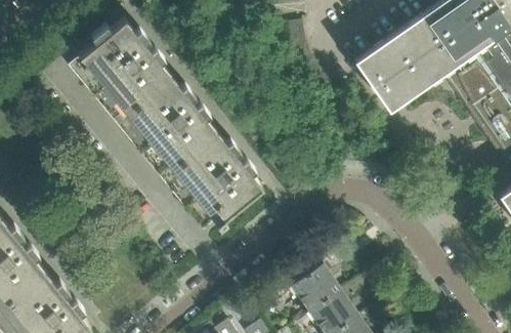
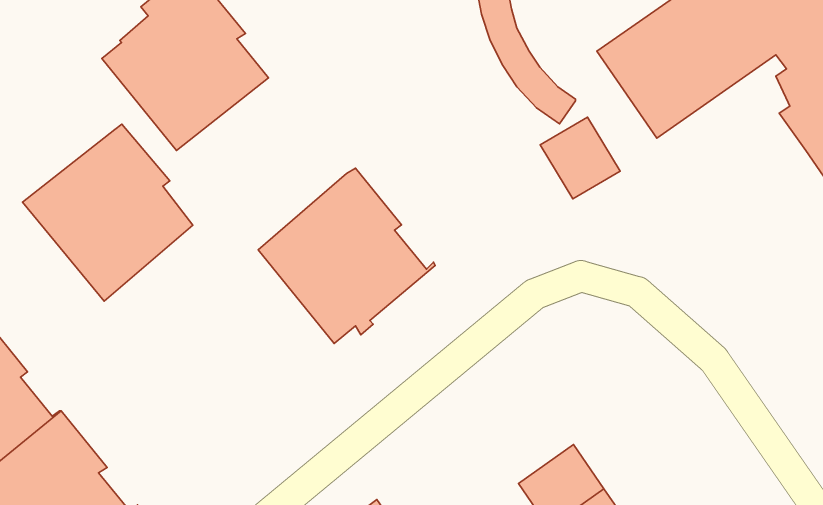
building: [114,74,212,176] -> [23,124,193,301]
building: none -> [540,117,620,199]
building: [282,251,343,311] -> none

